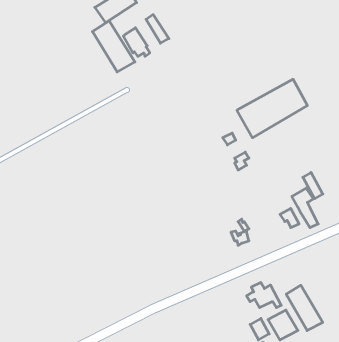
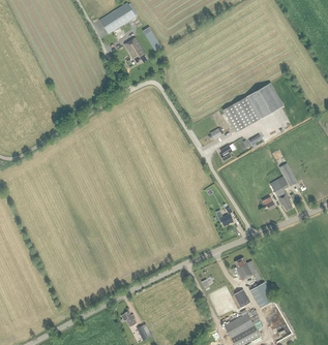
building: [92,21,135,72] -> none
building: [286,285,323,331] -> none

